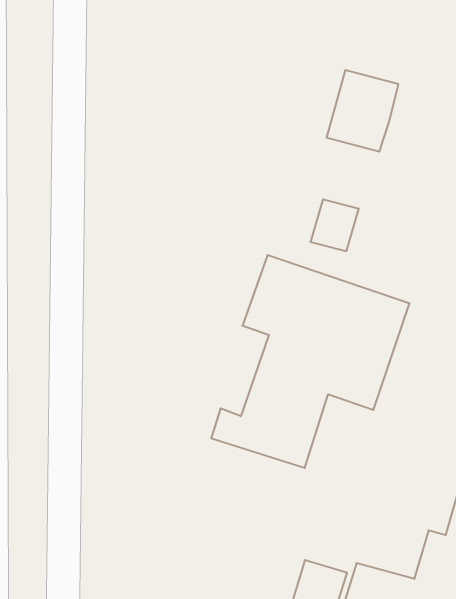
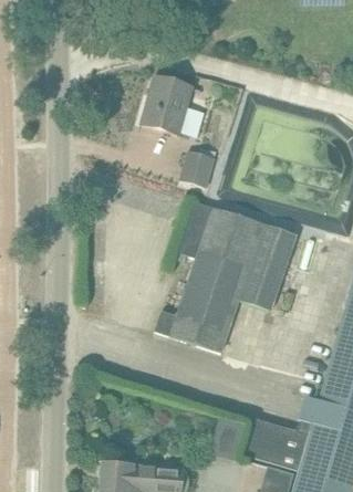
building: [327,70,398,151] -> [141,76,191,134]
building: [310,199,359,251] -> [179,150,214,187]

